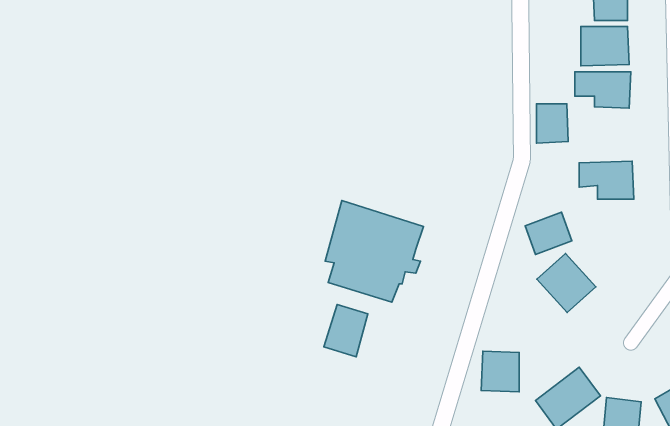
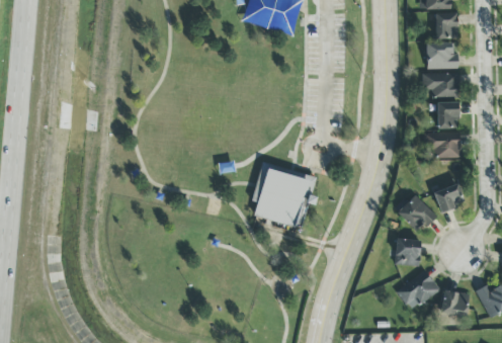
building: [536,104,568,143] -> [437,102,458,128]
building: [525,212,572,255] -> [433,183,465,211]
building: [324,305,368,357] -> none
building: [481,351,519,392] -> [395,239,420,266]

